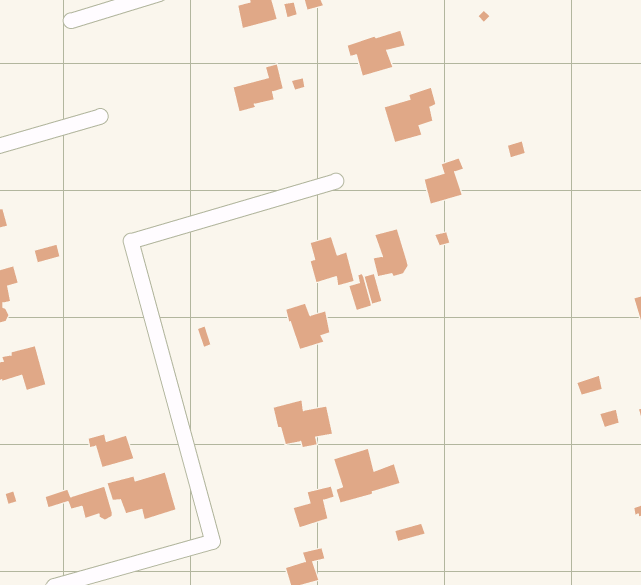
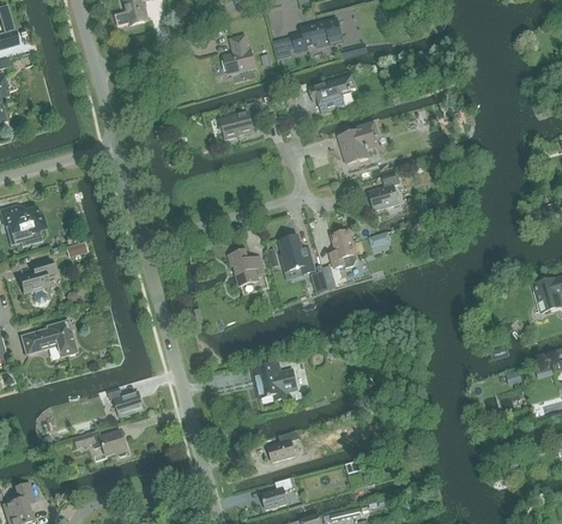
building: [286,303,330,349] -> [229,249,264,285]
building: [334,448,400,503] -> none
building: [107,472,176,520] -> none

